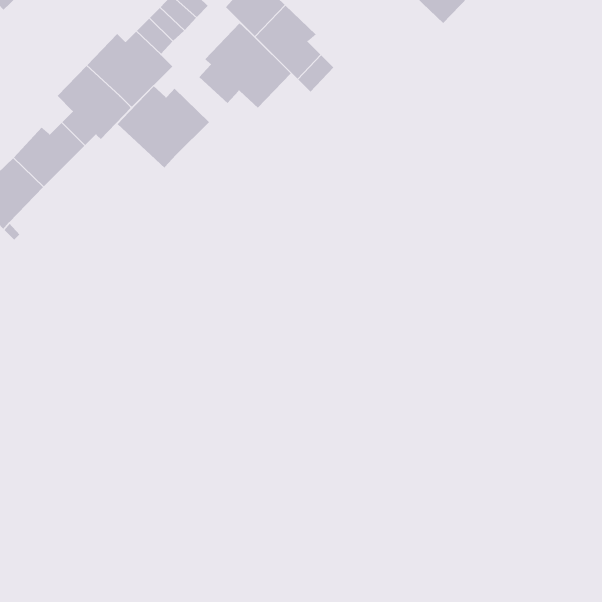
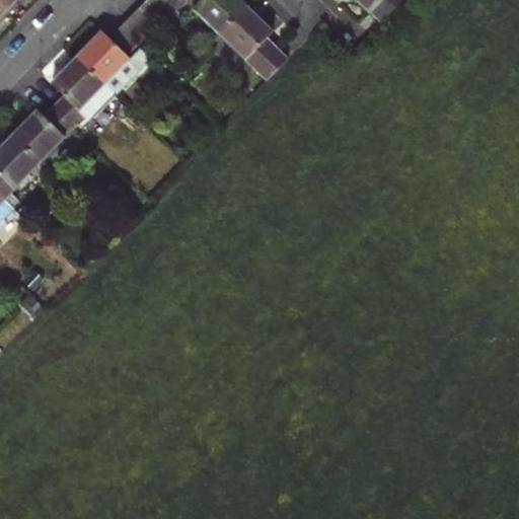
building: [199,23,292,109] -> none
building: [117,86,210,168] -> none

